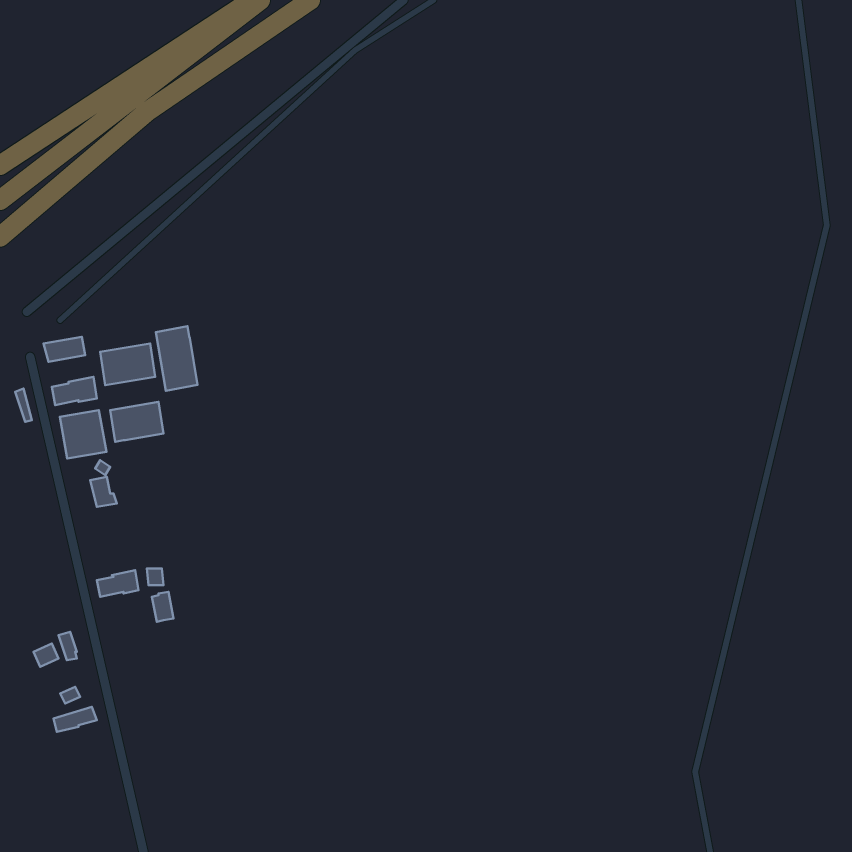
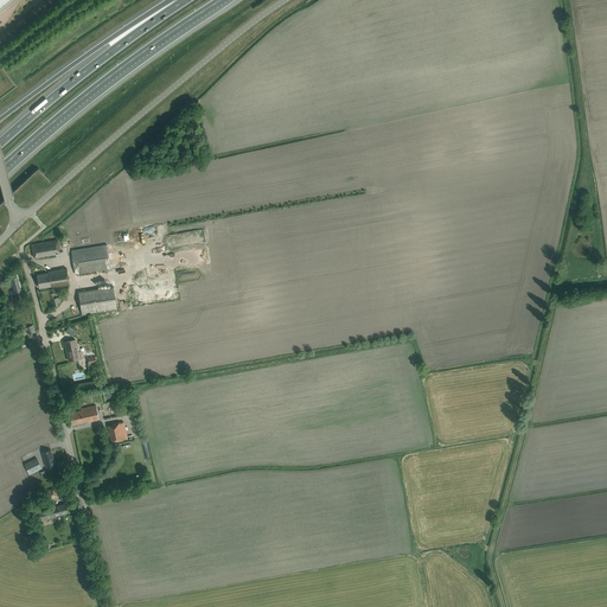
building: [156,326,197,391] -> none
building: [60,410,106,458] -> none

